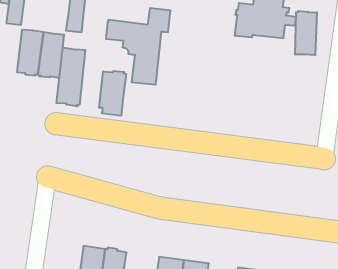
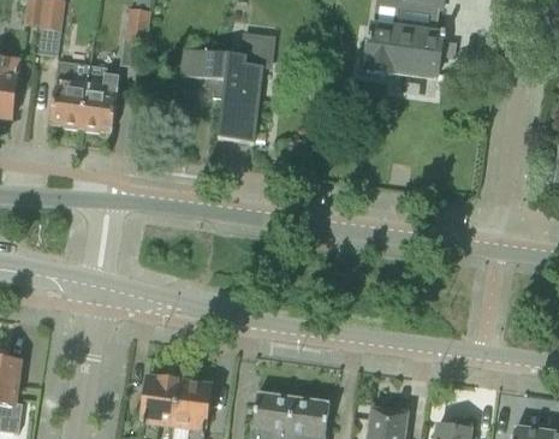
building: [295,11,317,55] -> none
building: [56,47,85,106] -> none
building: [99,71,126,116] -> none

